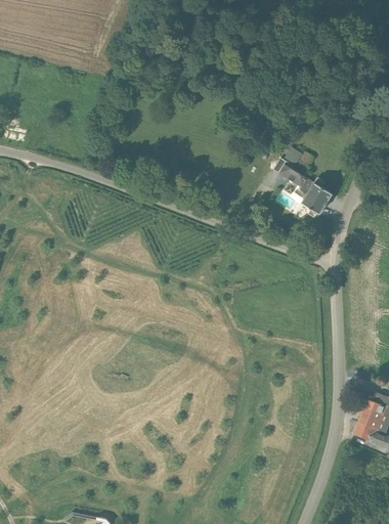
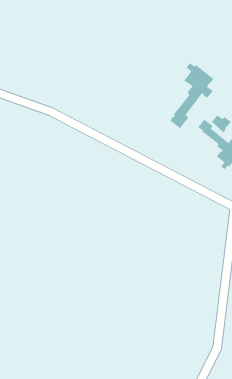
building: none -> [169,62,214,129]

